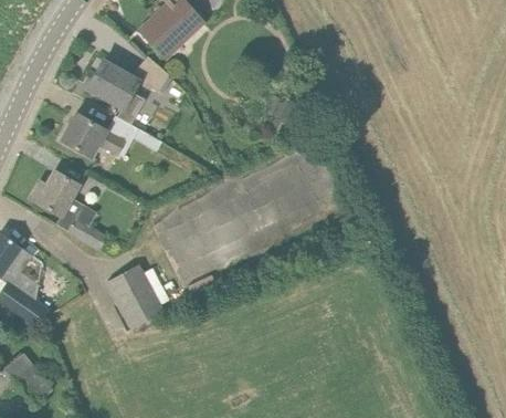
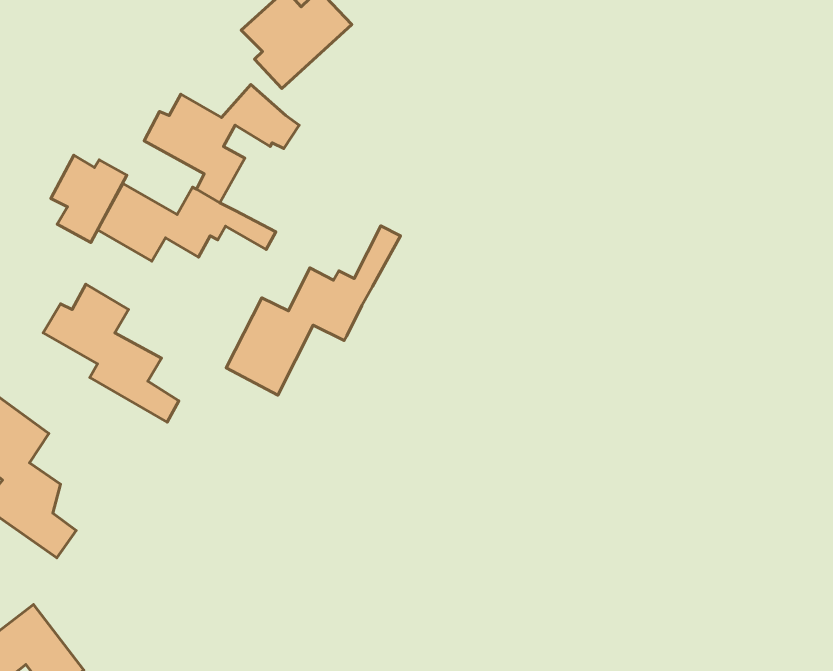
building: none -> [51,155,127,243]
building: none -> [226,226,400,395]
building: [106,264,161,328] -> none

